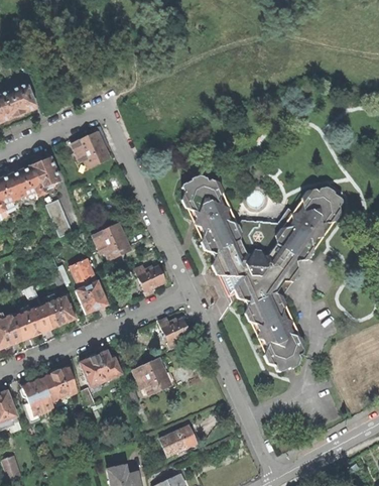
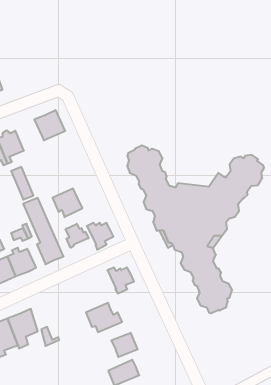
building: none -> [66,224,89,248]
building: [80,351,121,387] -> none
building: none -> [111,333,138,357]

